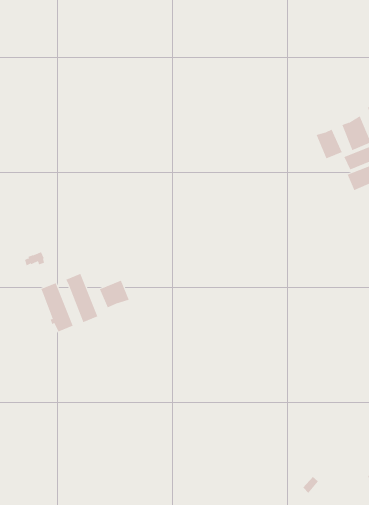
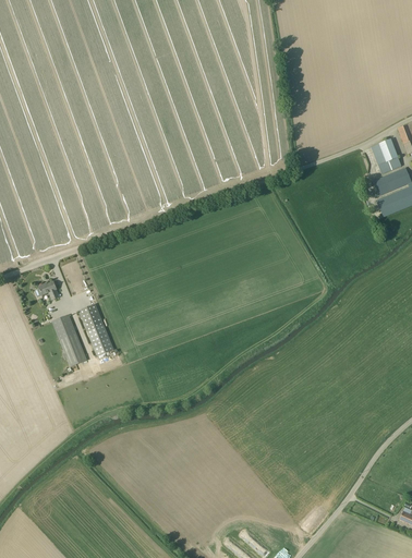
building: [316,129,342,159] -> none
building: [99,280,130,308] -> none

